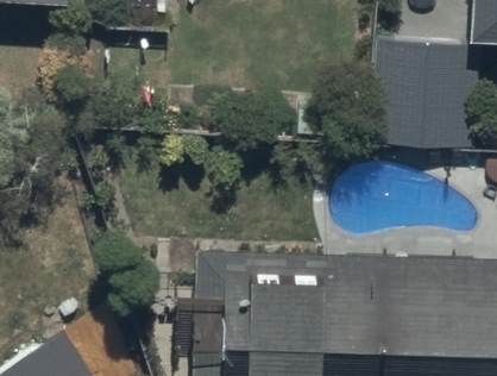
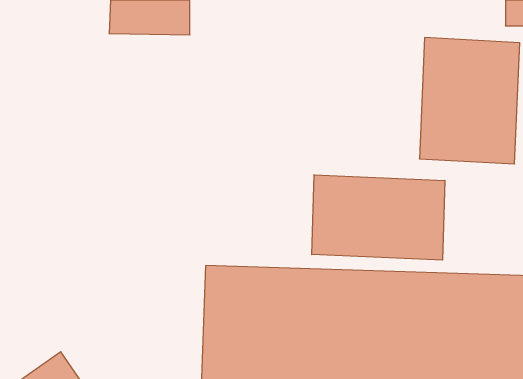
building: none -> [312,175,445,260]

